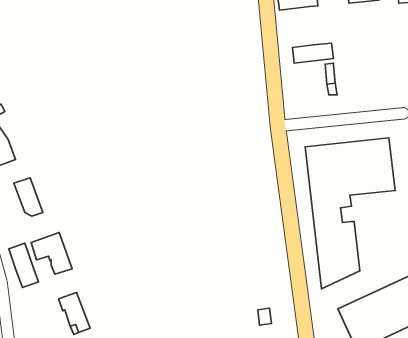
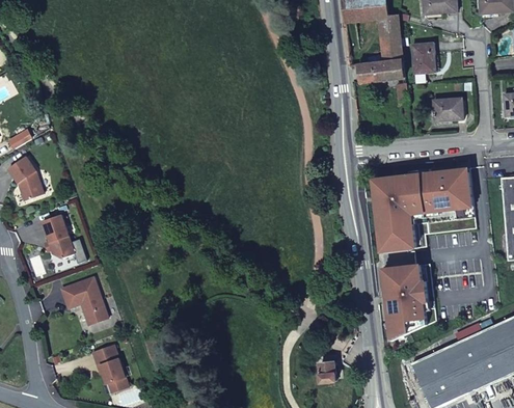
building: none -> [378,15,403,61]
building: none -> [411,43,435,73]
building: none -> [432,98,462,120]
building: [9,243,38,288] -> none

